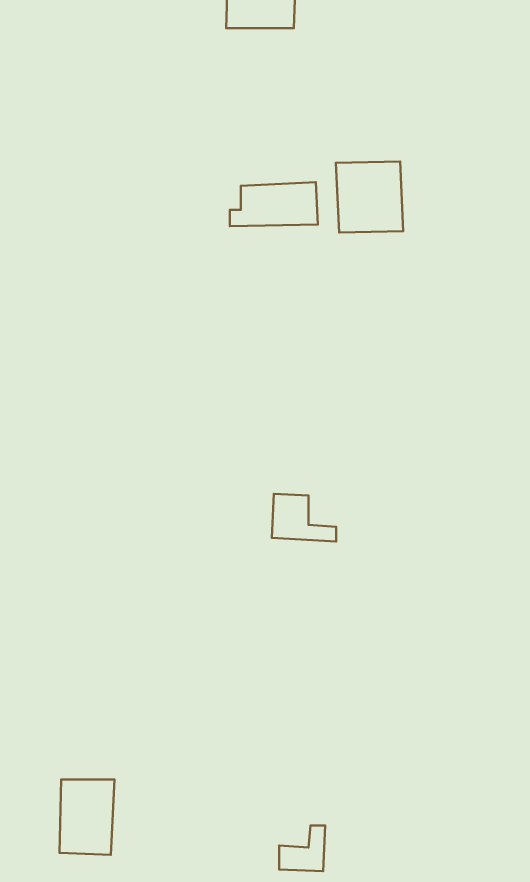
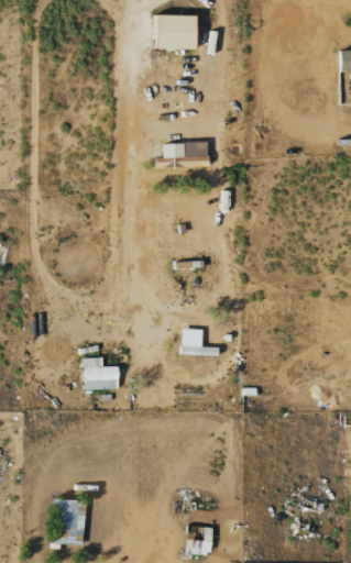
building: [336,161,403,232] -> none
building: none -> [86,357,120,390]

